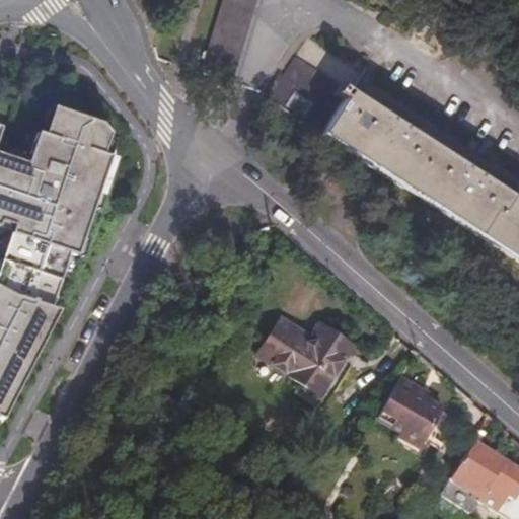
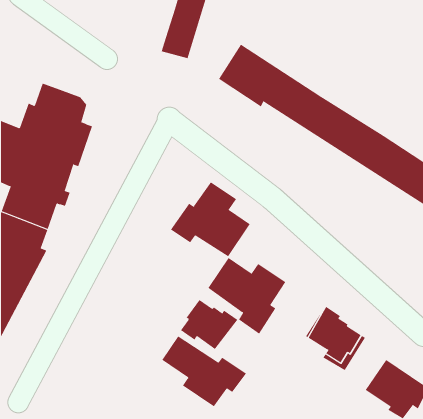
building: none -> [170,181,251,257]
building: none -> [180,299,238,350]
building: none -> [161,335,247,407]

